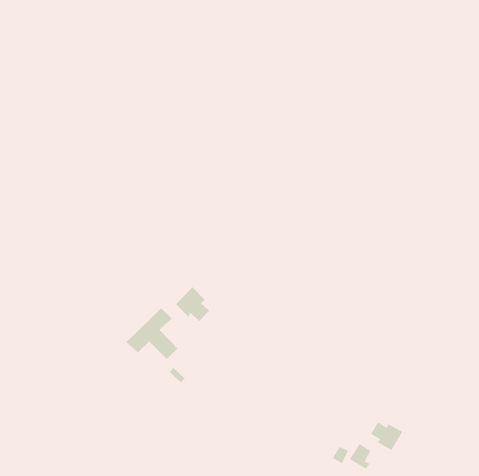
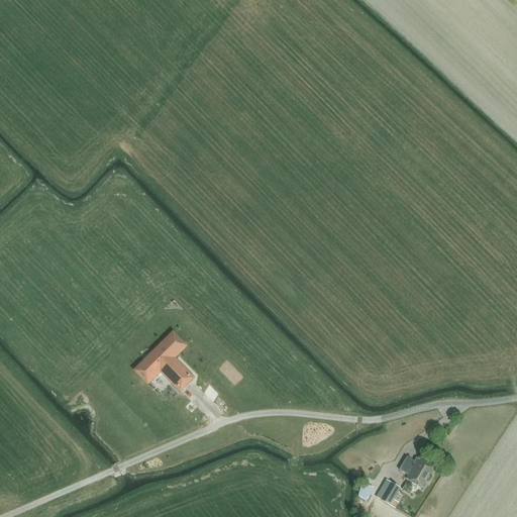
building: [175,286,210,322] -> none

